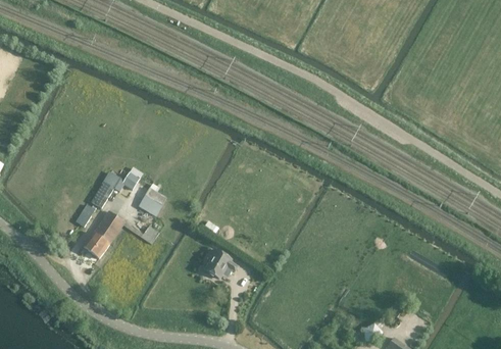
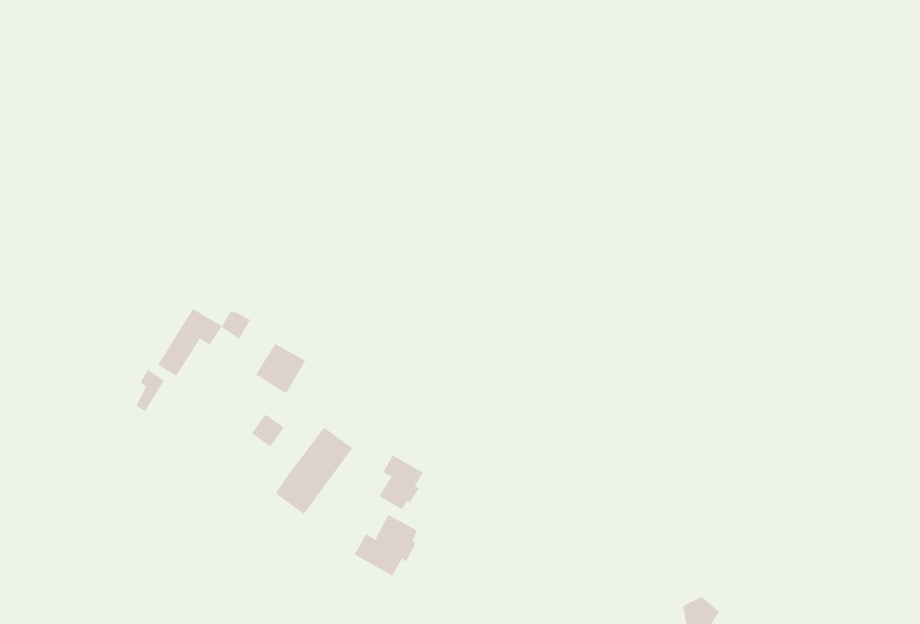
building: [82,211,122,257] -> [275,427,353,515]
building: none -> [354,514,418,576]

